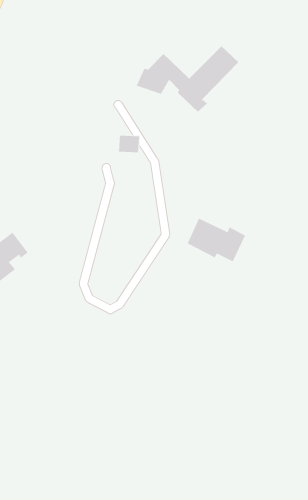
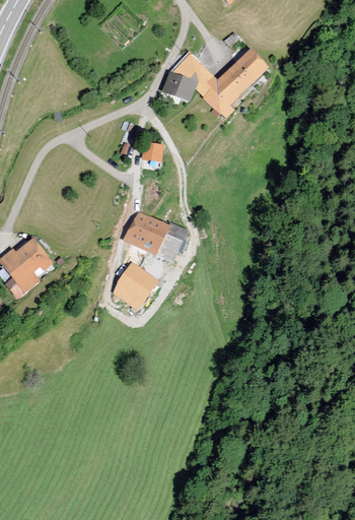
building: [187,218,246,262] -> [126,212,187,258]
building: none -> [113,264,154,307]

